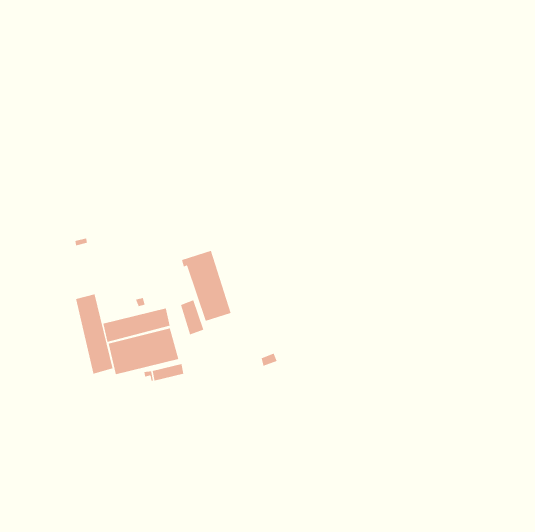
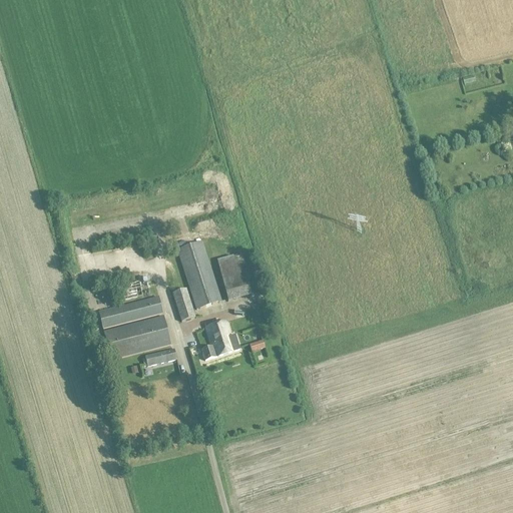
building: none -> [216,251,251,300]
building: [76,294,113,374] -> none
building: none -> [201,321,239,359]

